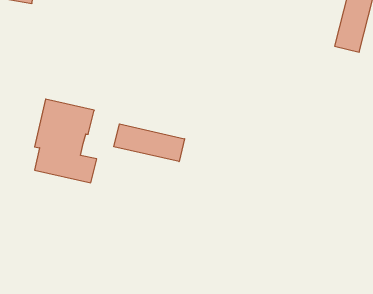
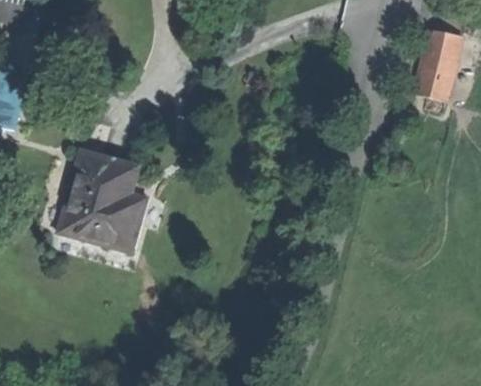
building: [114,124,185,162] -> none

